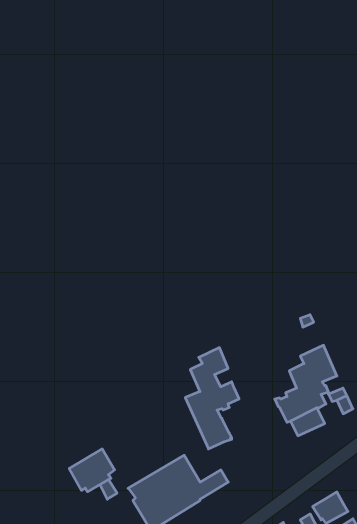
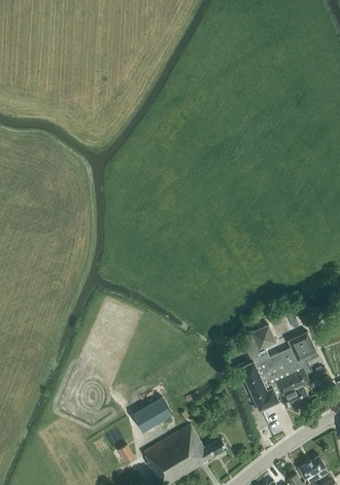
building: [185,348,239,449] -> [239,323,284,409]
building: [69,449,115,492] -> [133,395,171,431]

